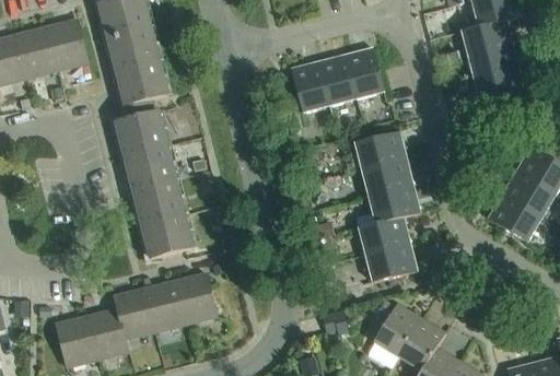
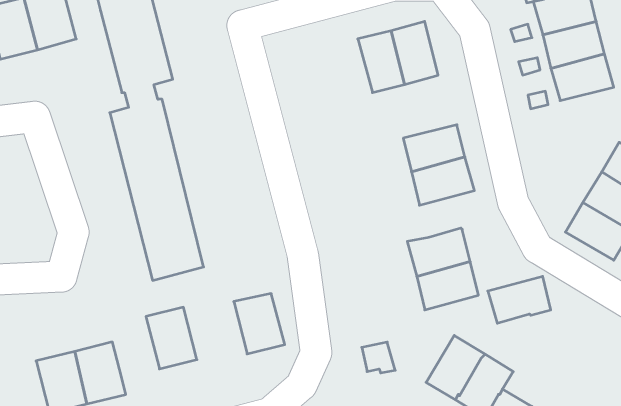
building: [291,61,330,113] -> none
building: [369,185,420,223] -> [488,276,551,323]
building: [176,273,218,322] -> [234,294,285,354]
building: [114,287,156,338] -> none

